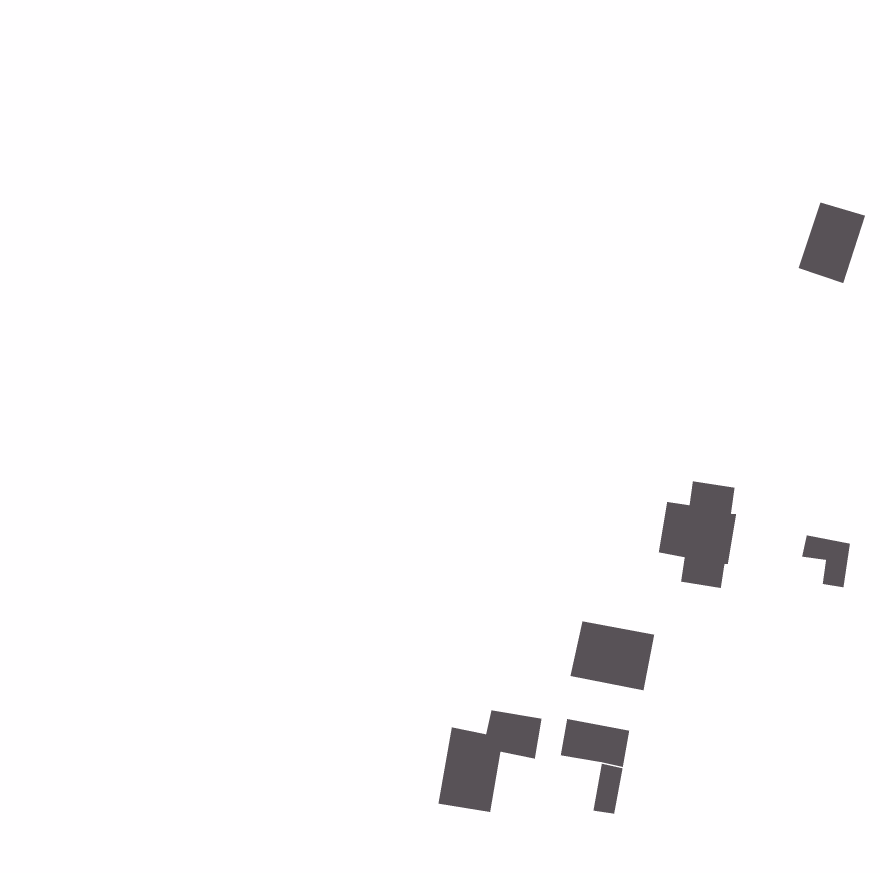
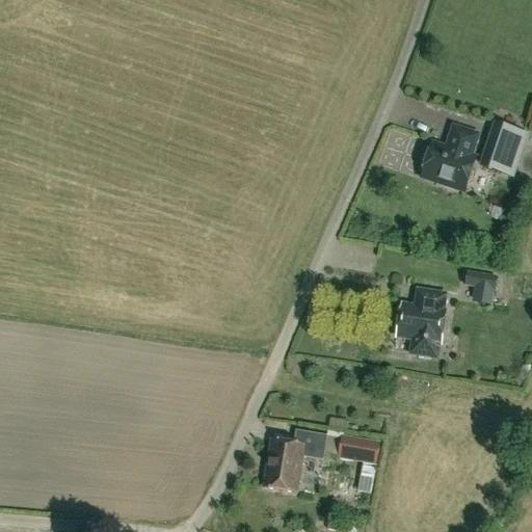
building: none -> [421,125,477,188]
building: [801,535,851,588] -> [464,269,495,301]
building: [570,620,655,691] -> none

